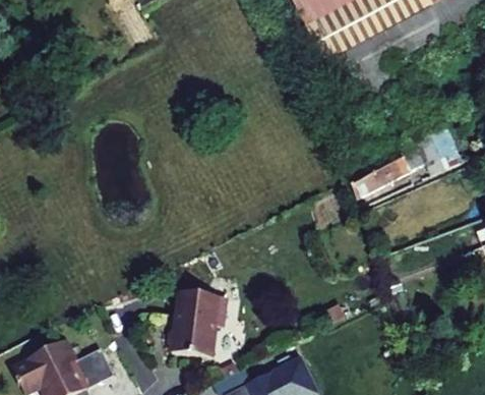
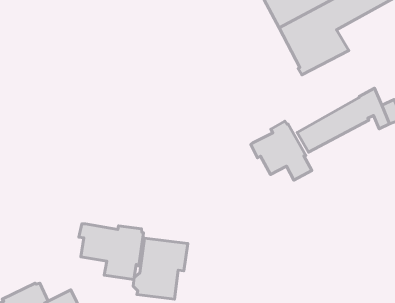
building: none -> [251,121,312,180]
building: none -> [79,224,143,280]

